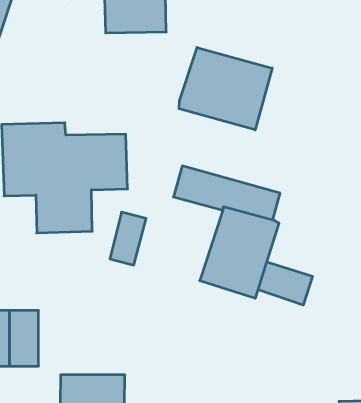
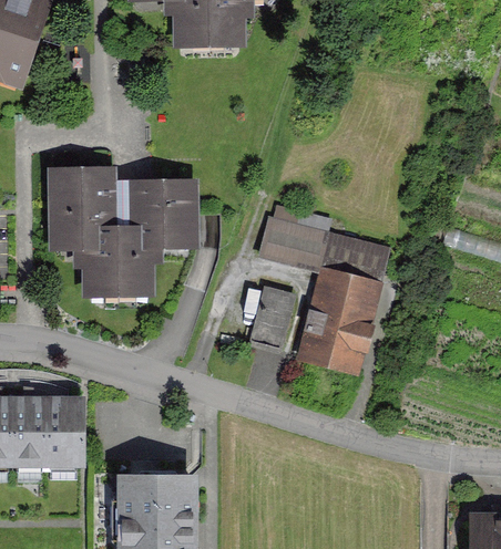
building: [179,47,272,130] -> none
building: [110,212,146,265] -> [248,288,294,354]
building: [258,262,312,305] -> none

